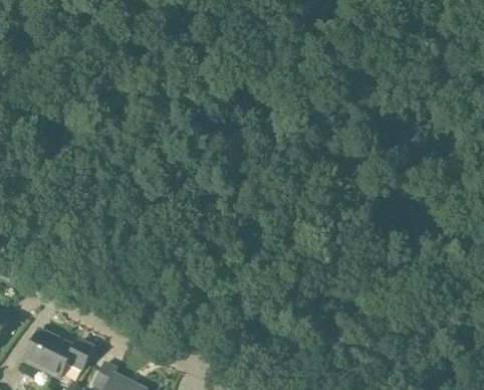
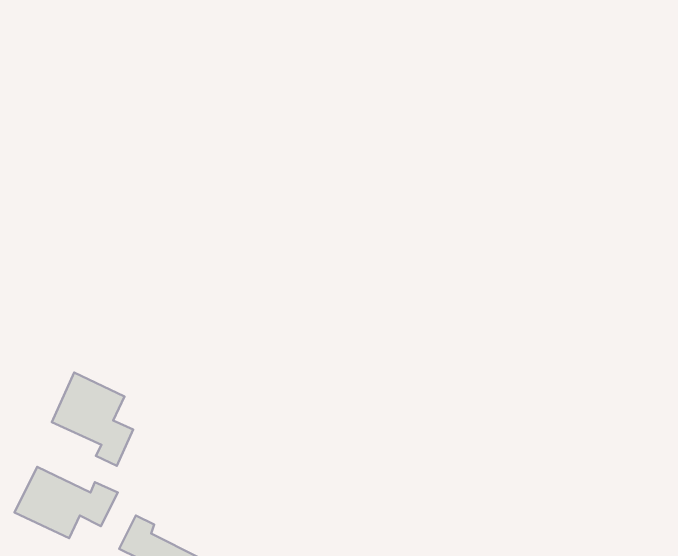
building: none -> [52,373,133,466]

